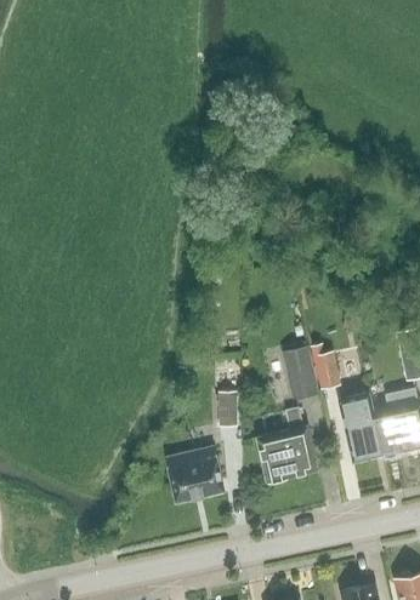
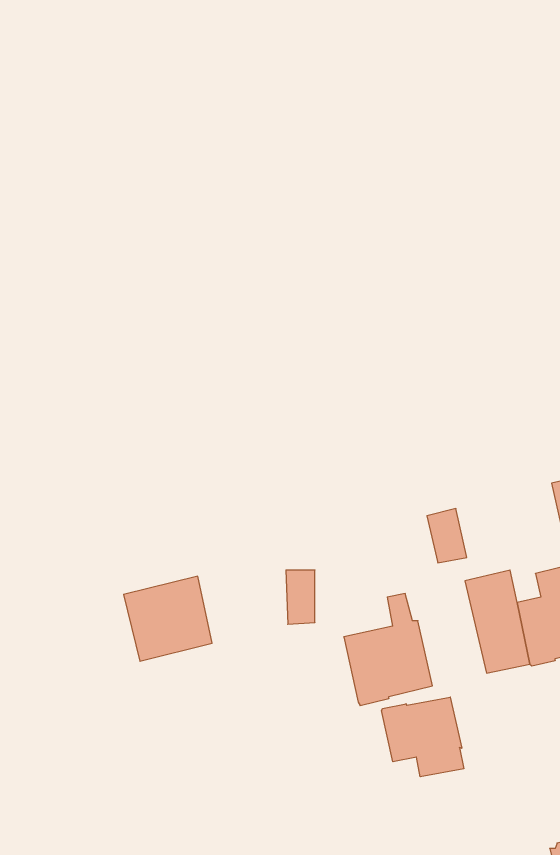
building: [284,347,319,400] -> none
building: [165,445,225,502] -> [124,576,212,661]
building: none -> [382,697,464,777]

